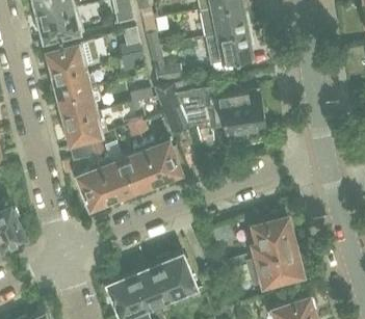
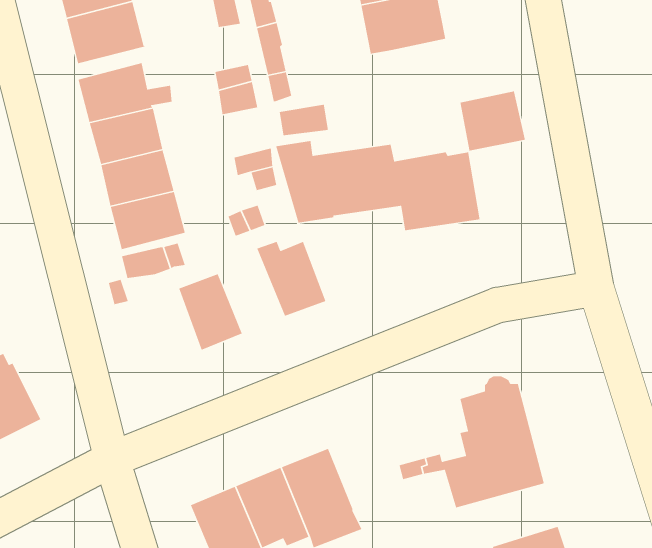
building: [216,30,253,63] -> [459,91,526,151]
building: [122,144,158,191] -> none
building: [76,162,112,209] -> none

